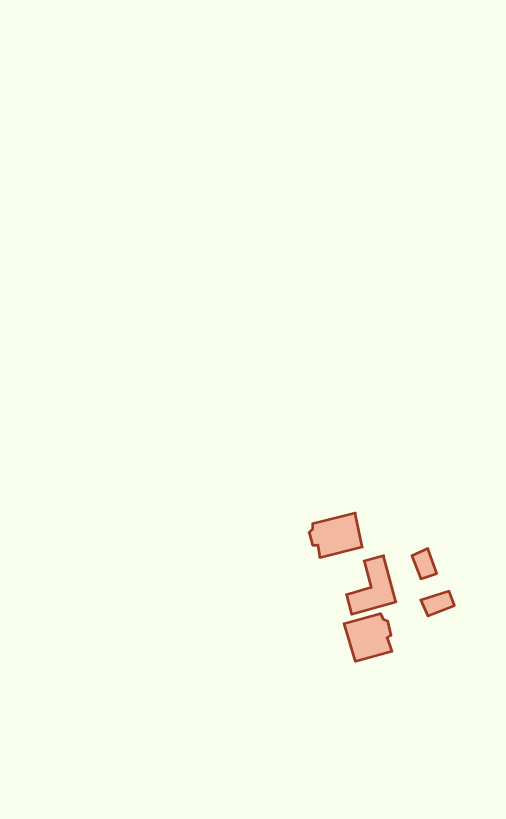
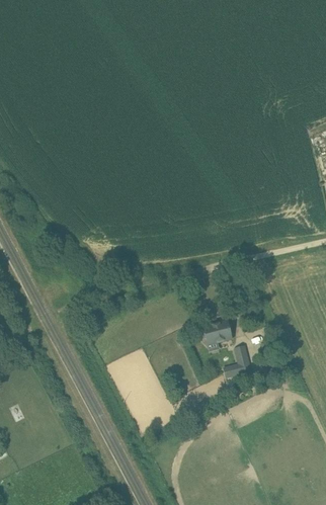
building: [344,614,392,661] -> none

